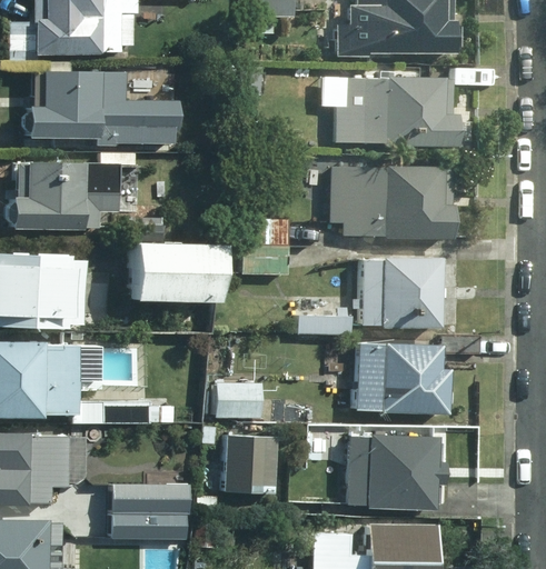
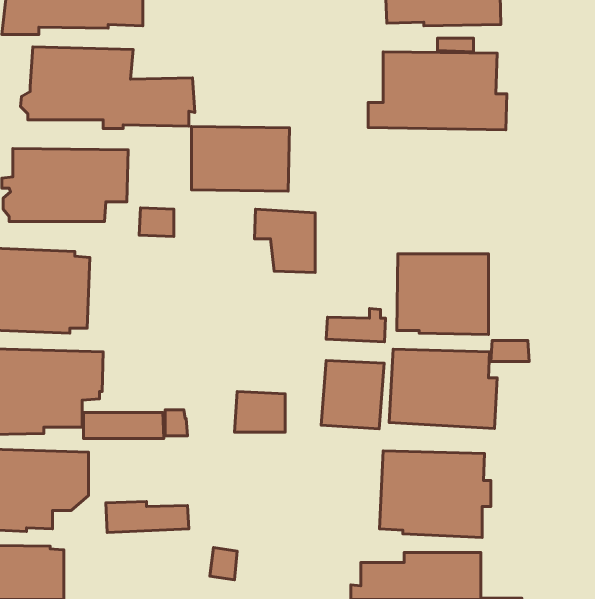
building: [329,163,456,238] -> none
building: [135,243,222,301] -> [192,127,289,191]
building: [222,433,279,495] -> [321,361,384,429]
building: [105,511,170,546] -> none

